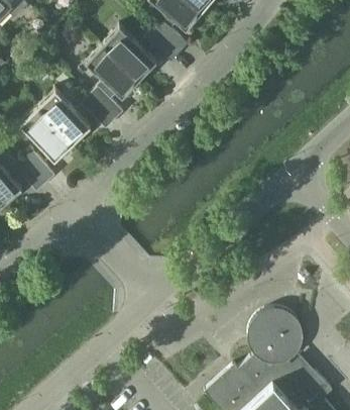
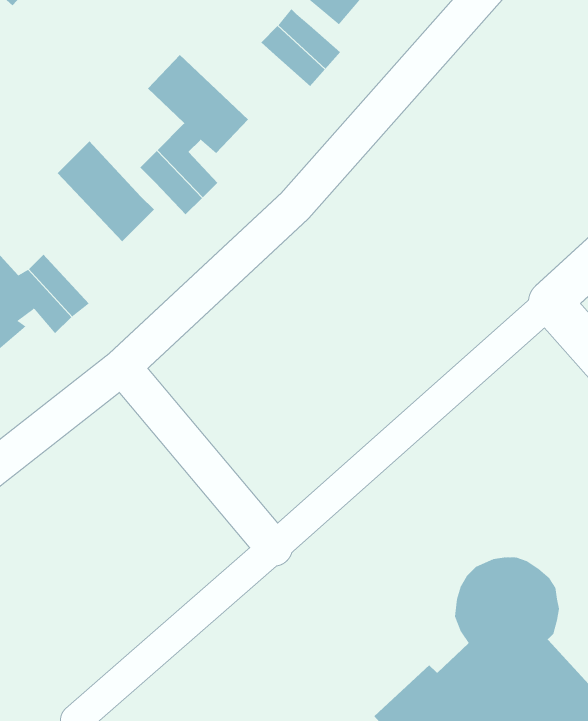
building: [104,27,157,80] -> none
building: [21,108,74,162] -> none

